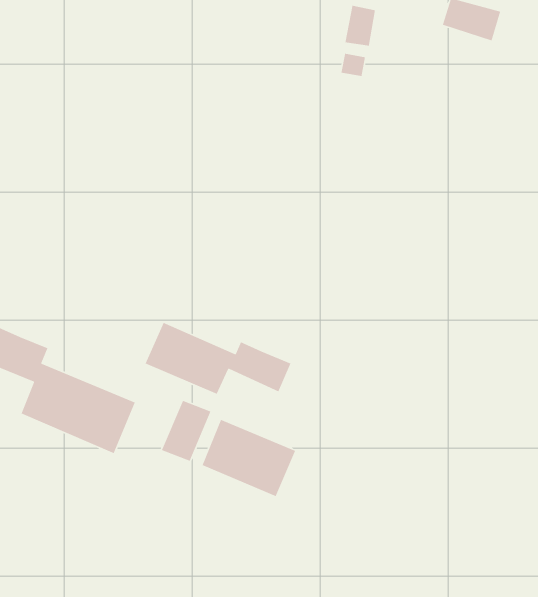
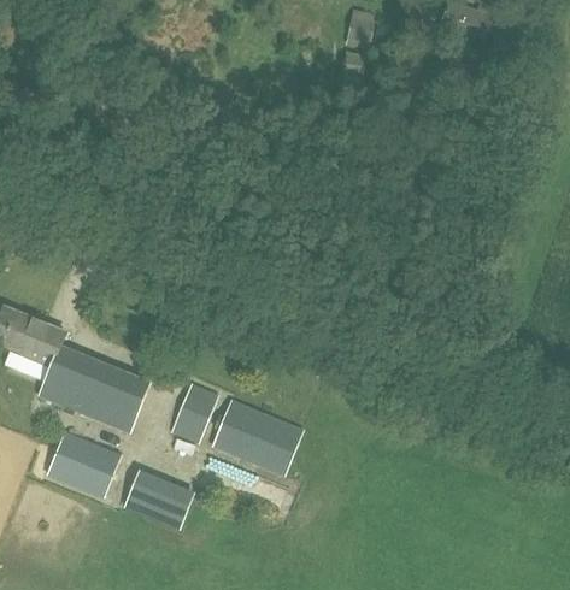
building: [144,322,291,395] -> none
building: none -> [46,431,119,497]
building: none -> [122,468,194,530]

